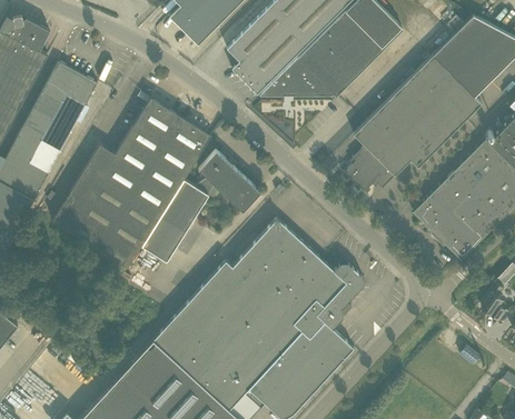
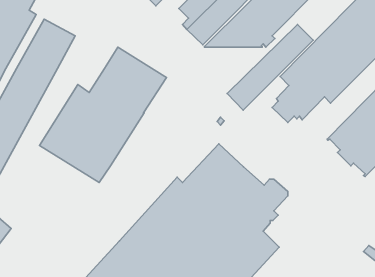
building: none -> [227,24,313,110]
building: [141,150,260,262] -> none

